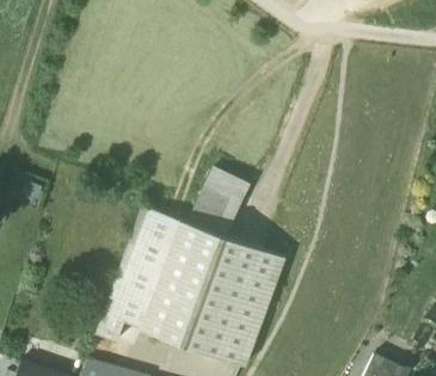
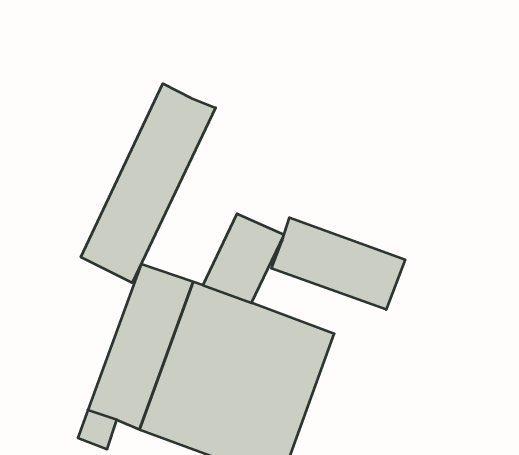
building: none -> [81,84,216,283]
building: none -> [271,218,405,310]

